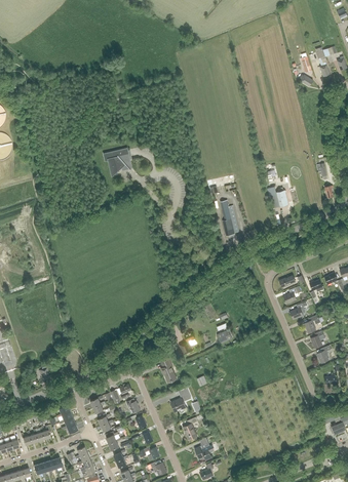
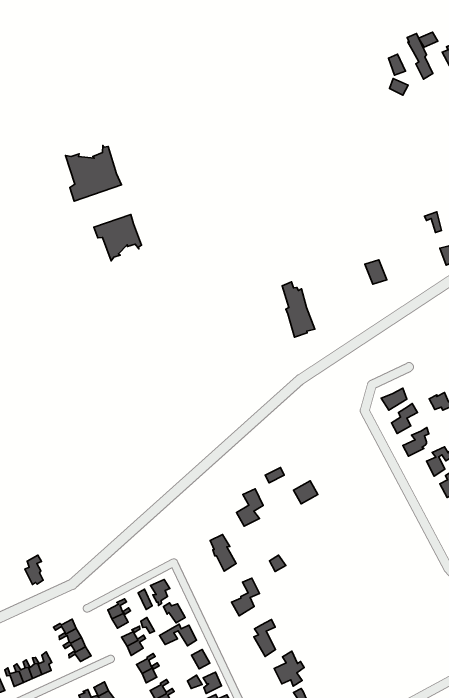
building: none -> [66,146,121,201]

